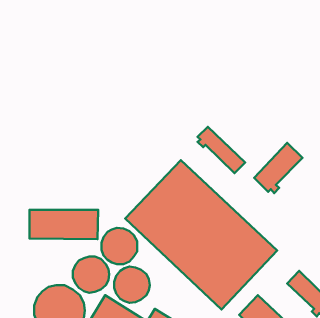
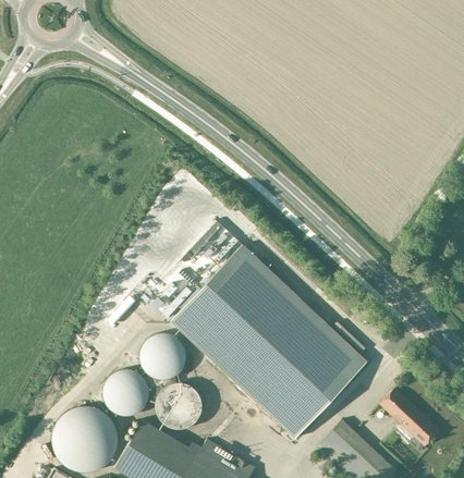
building: [198,127,245,173] -> none
building: [254,143,302,193] -> none
building: [29,210,98,239] -> none

